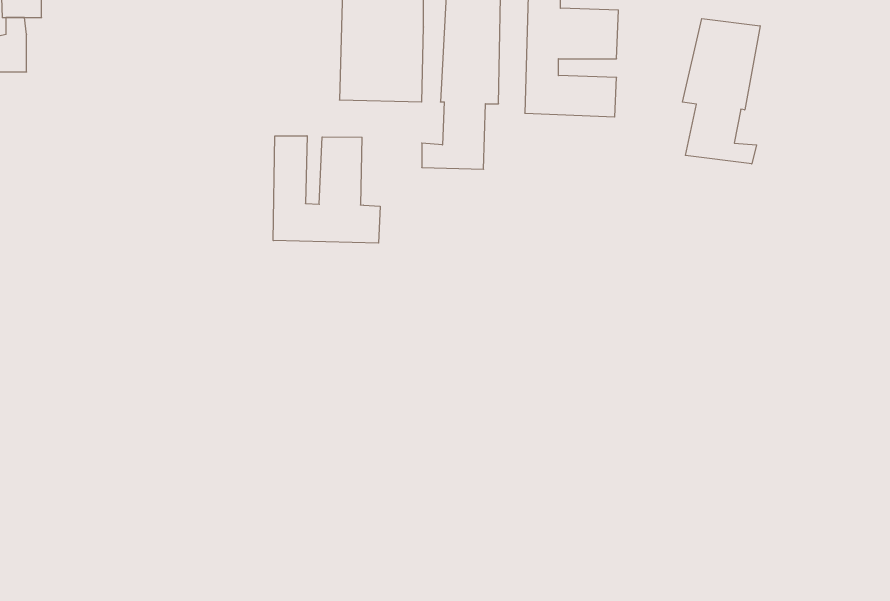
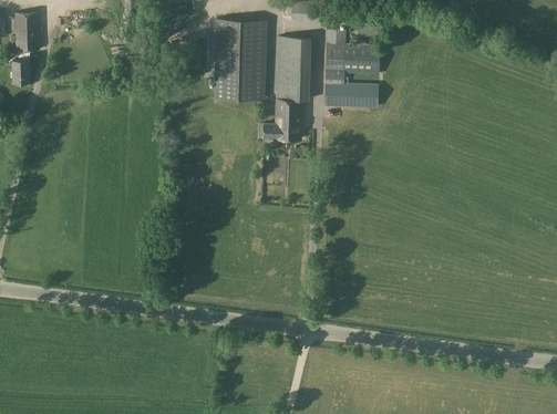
building: [682,19,760,164] -> none
building: [273,136,380,243] -> none

